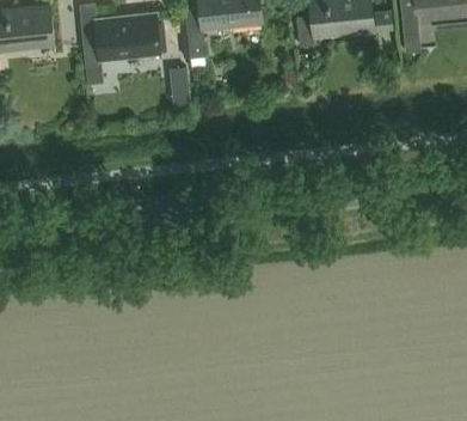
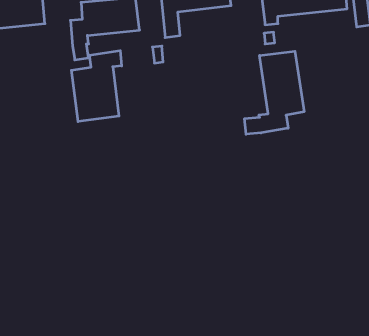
building: none -> [71,51,122,122]
building: none -> [245,51,304,134]

